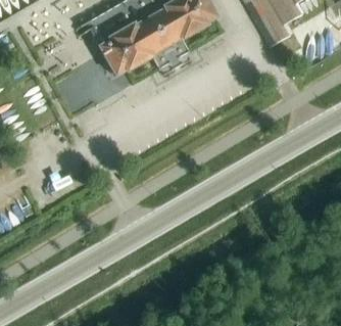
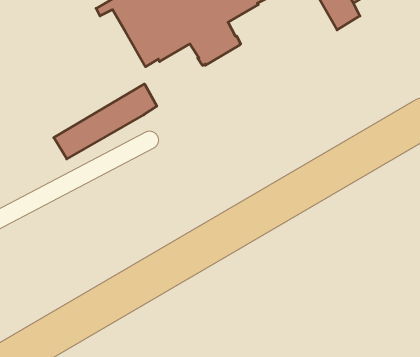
building: none -> [54,84,157,159]

